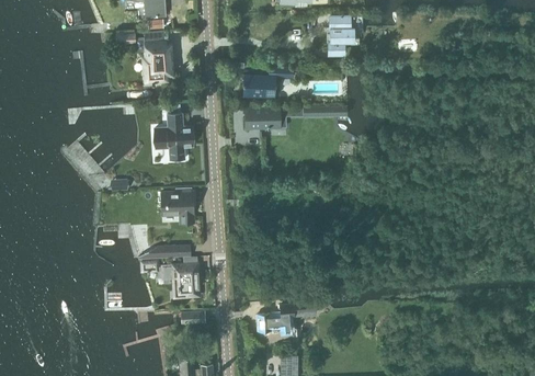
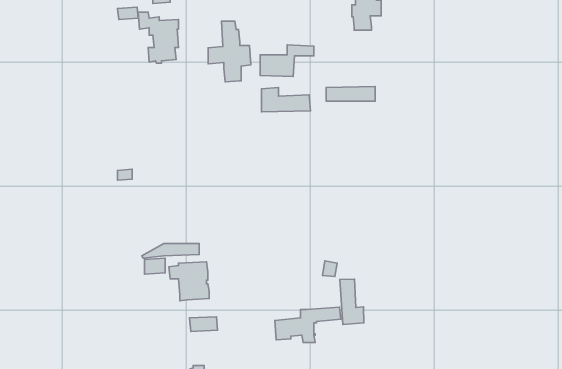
building: [155,104,193,159] -> [208,21,251,82]
building: [161,185,193,221] -> none
building: none -> [340,279,364,325]

